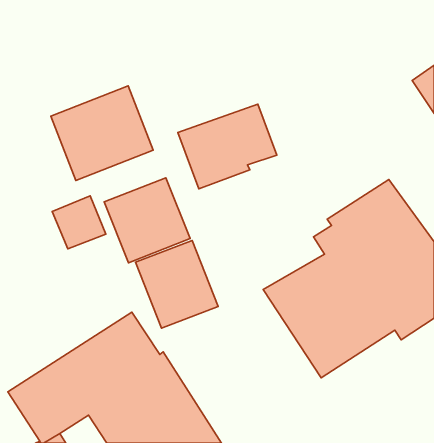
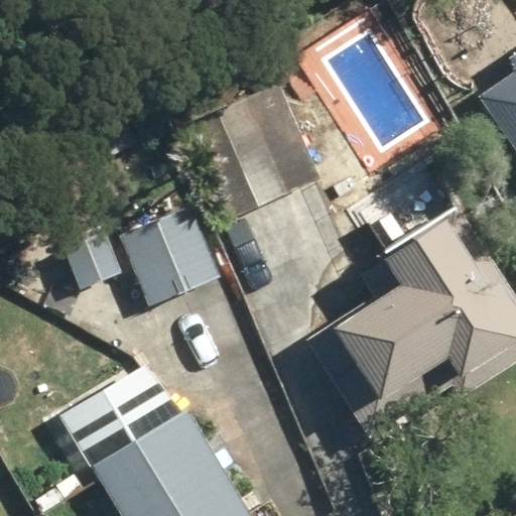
building: [51,86,153,181] -> none
building: [136,240,218,328] -> none

